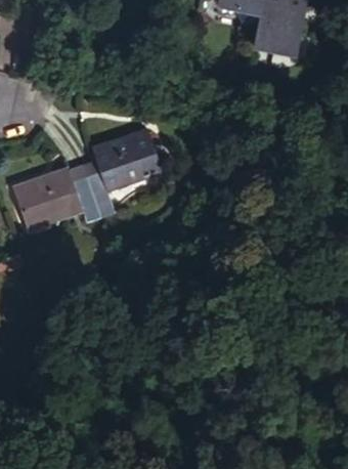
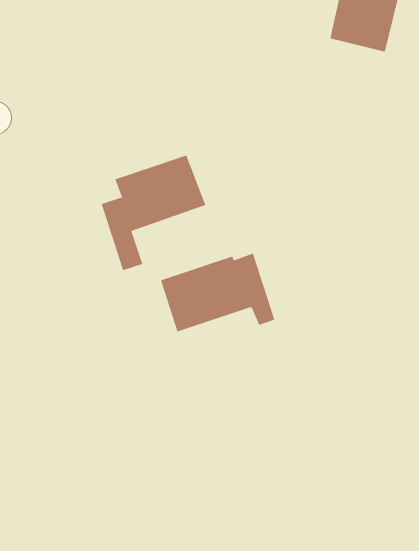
building: [14,167,100,226] -> [160,253,275,332]

